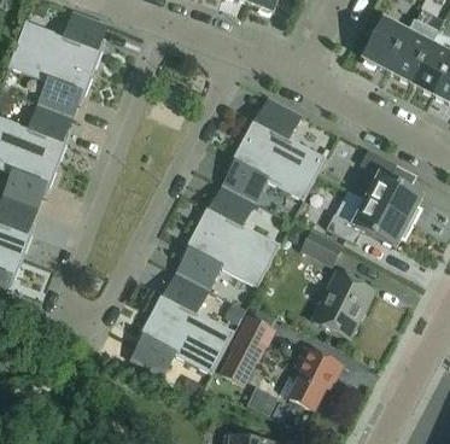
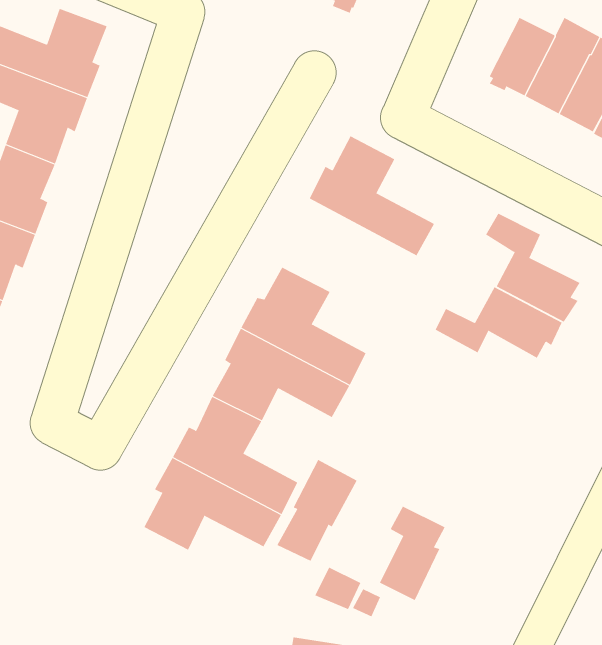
building: [223,140,314,203] -> none
building: [299,229,343,268] -> none
building: [311,269,373,335] -> none

